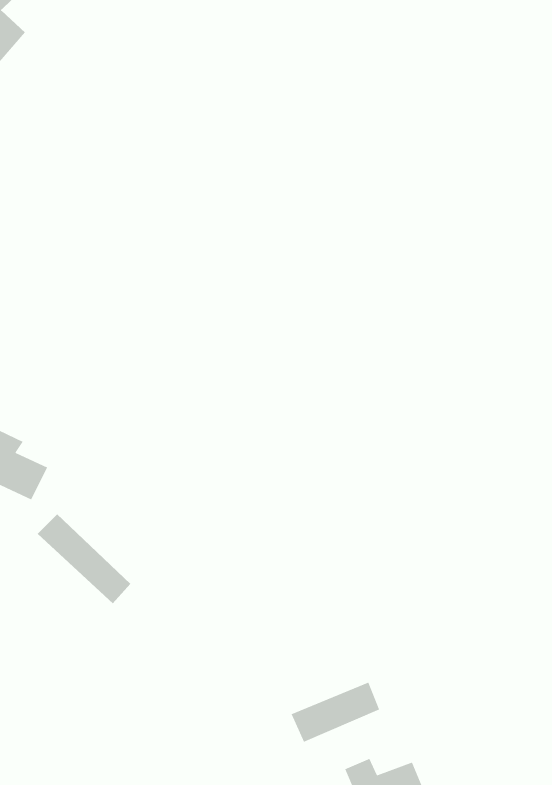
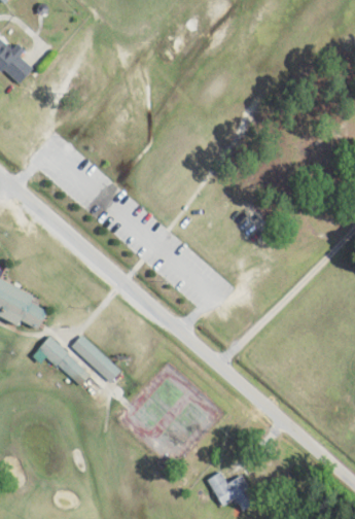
building: none -> [72,334,120,382]
building: [291,681,380,743] -> none

